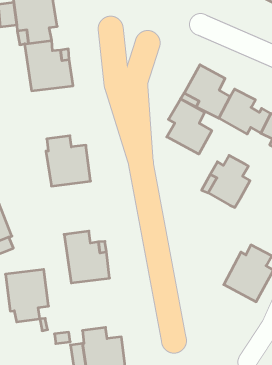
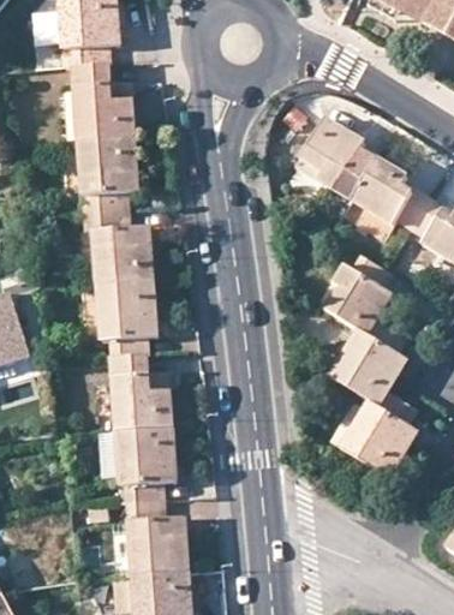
building: none -> [74,137,141,214]
building: [167,99,212,154] -> none
building: none -> [95,281,157,358]
building: none -> [330,320,406,406]
building: [5,269,49,322] -> [115,428,177,503]

